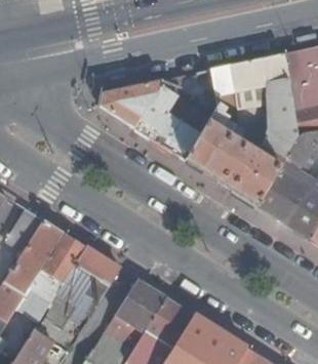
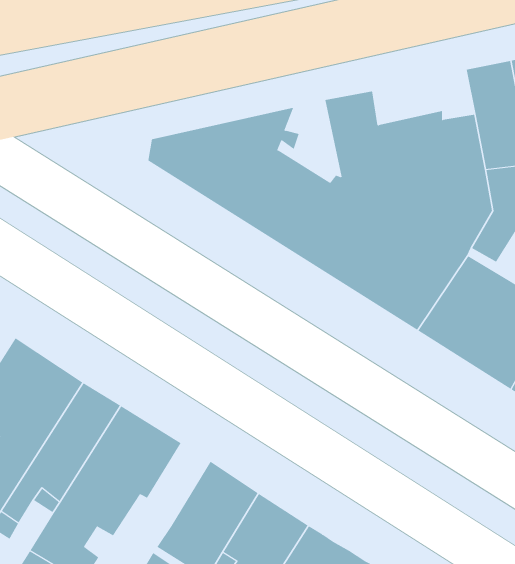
building: [231,53,289,85] -> none

